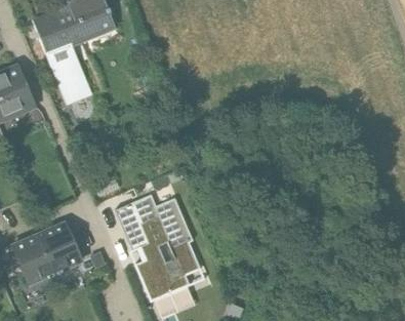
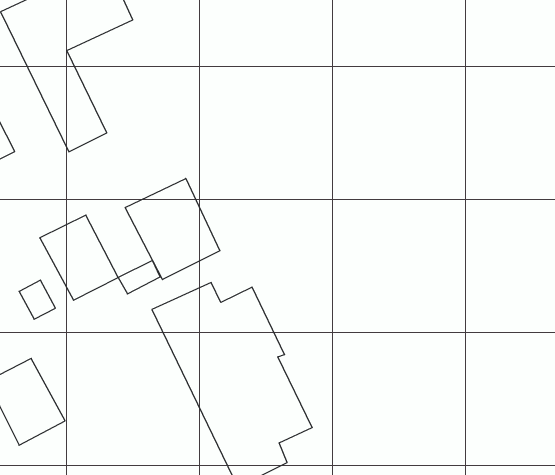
building: none -> [125,178,220,280]
building: [38,219,84,271] -> [40,215,118,300]

